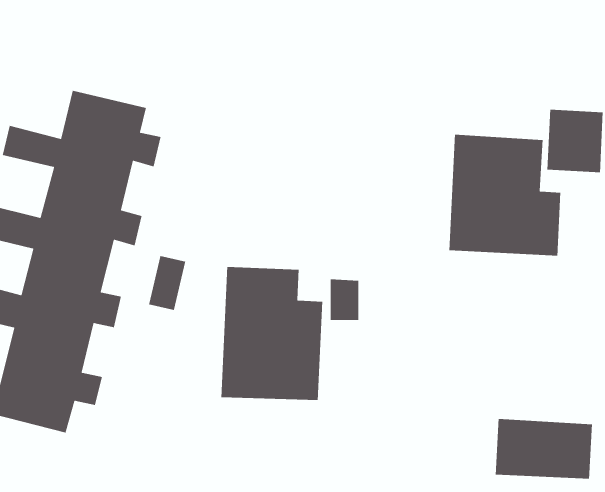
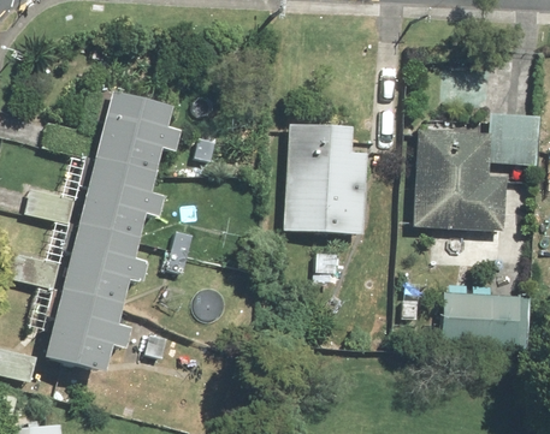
building: [221,266,323,401] -> [288,123,372,233]
building: [495,418,593,480] -> [445,291,526,341]

